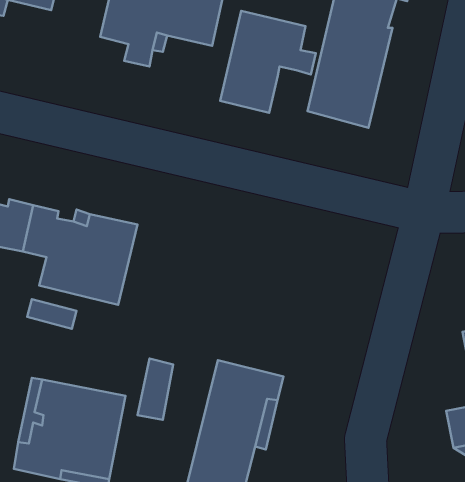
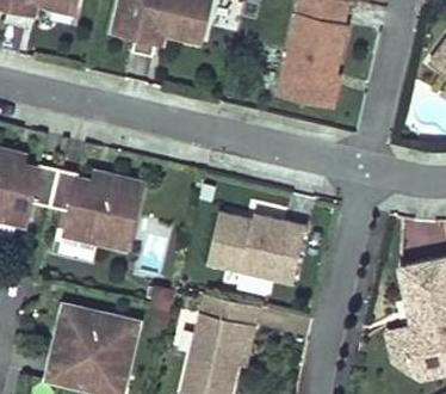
building: [220,11,316,113] -> none
building: none -> [209,210,306,281]

